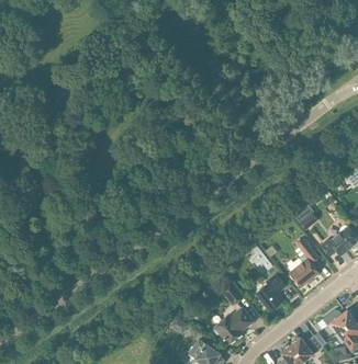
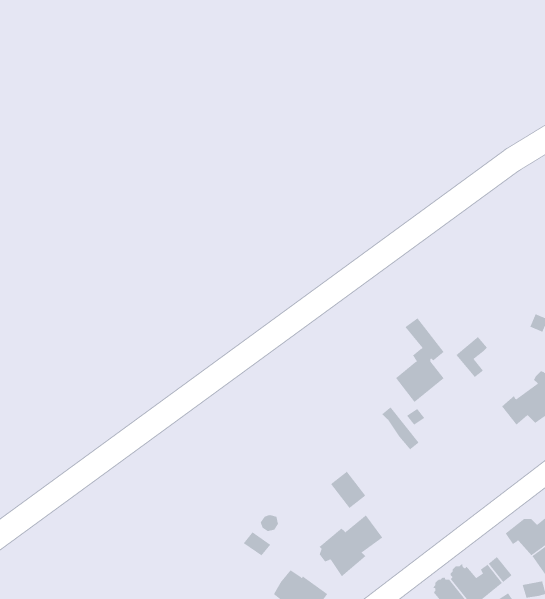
building: [290,238,318,287] -> [395,318,444,403]
building: [256,274,286,311] -> none

